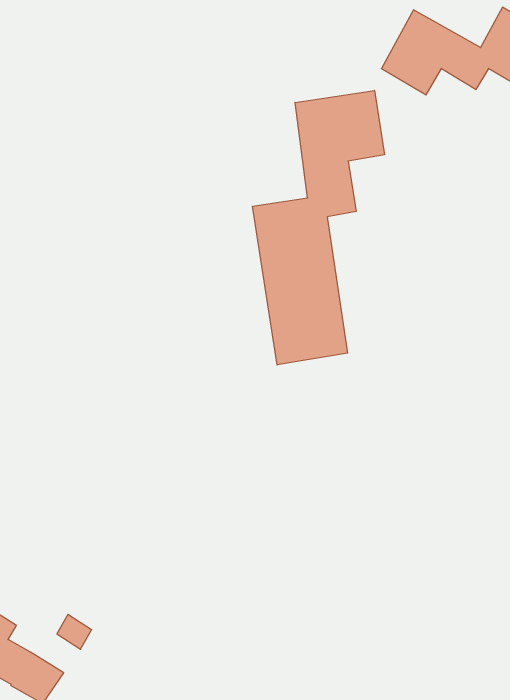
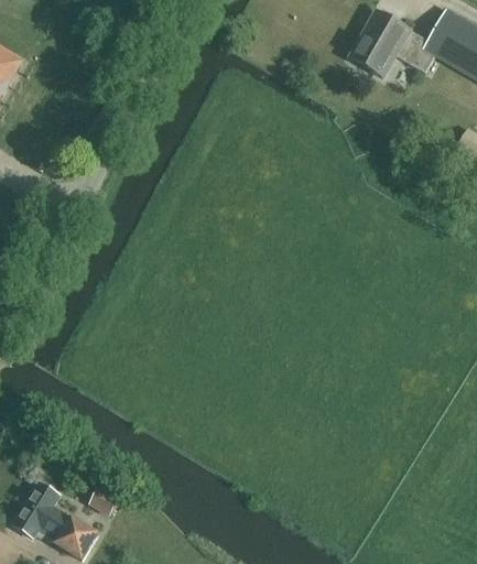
building: [253,90,384,365] -> none

